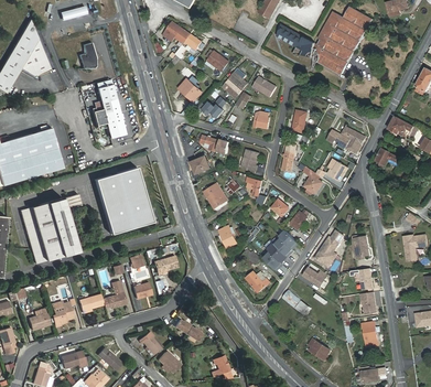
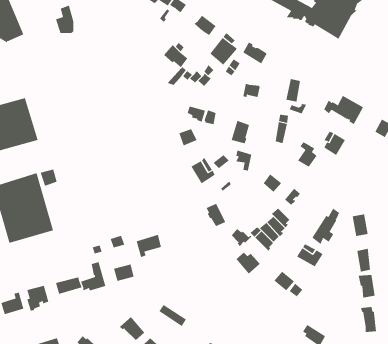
building: [91,84,125,138] -> none
building: [95,168,152,234] -> none

